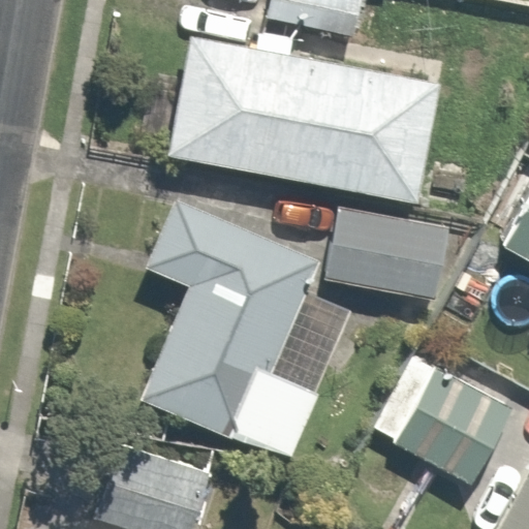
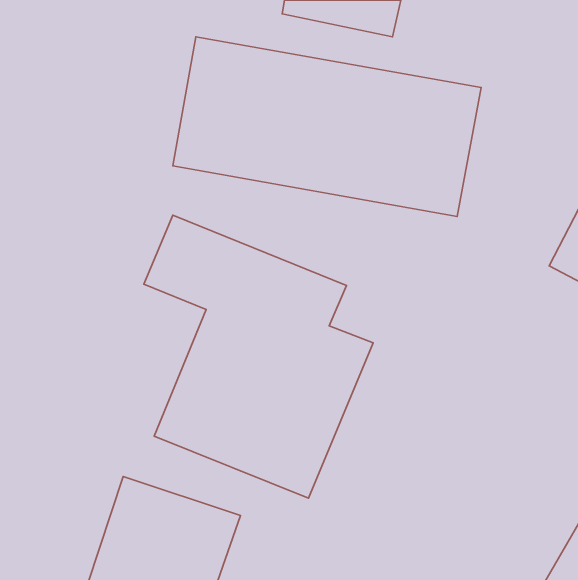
building: [322,205,453,300] -> none
building: [371,347,518,487] -> none

